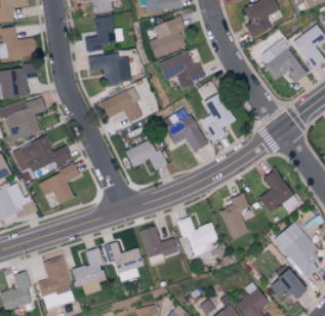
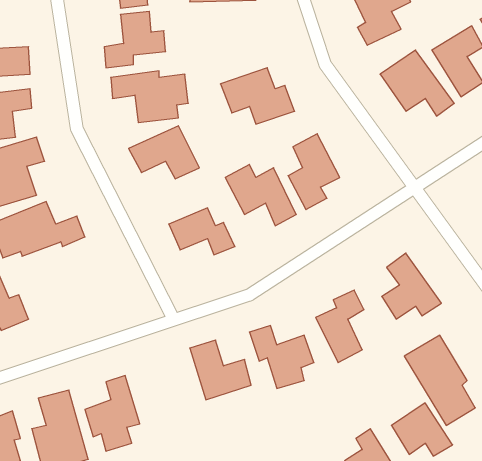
building: [150,17,189,56] -> none
building: [38,165,79,204] -> none
building: [109,241,144,281] -> none

